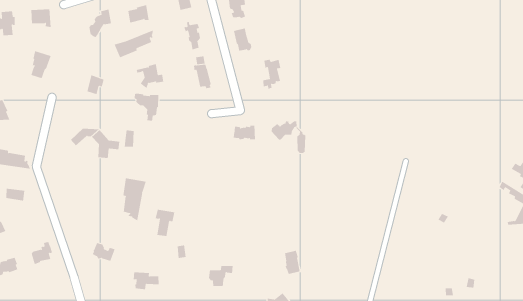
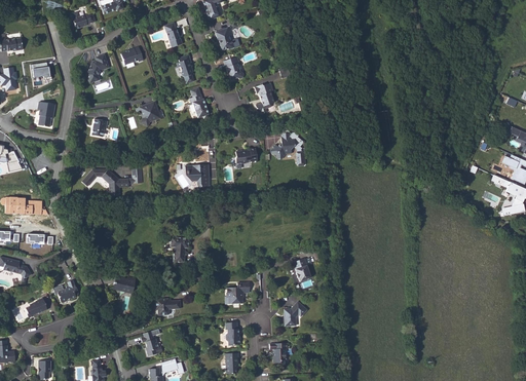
building: [114,30,154,58] -> none
building: [134,93,159,121] -> [184,164,209,190]
building: [123,177,147,222] -> none

